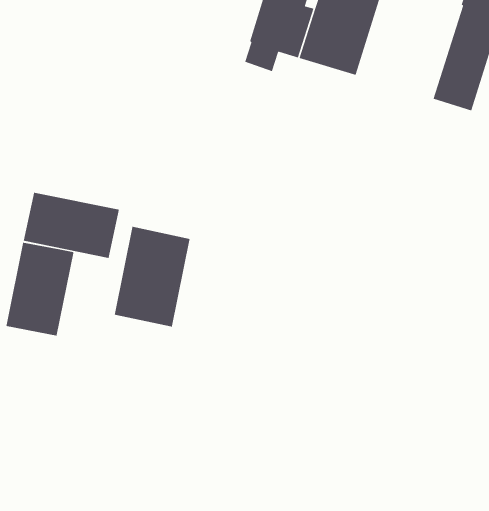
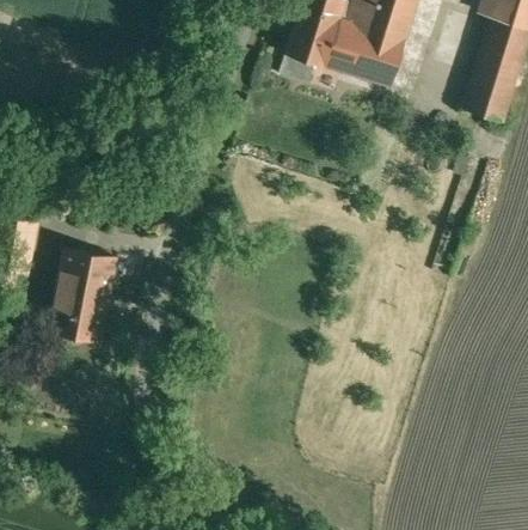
building: [23,192,120,259] -> none
building: [114,226,191,328] -> none

